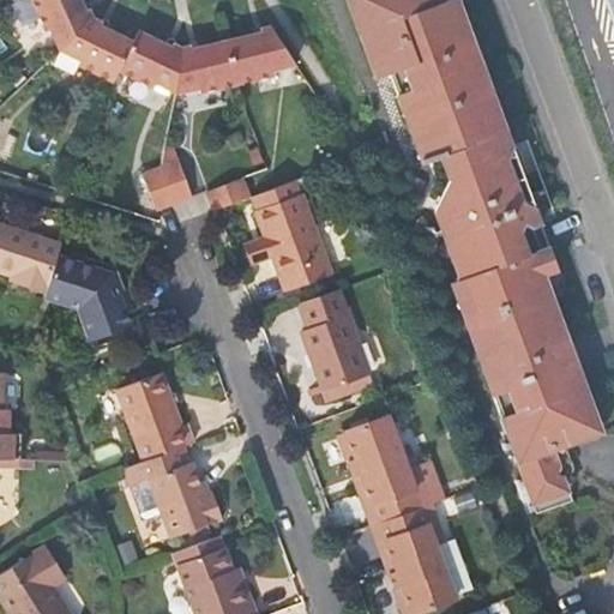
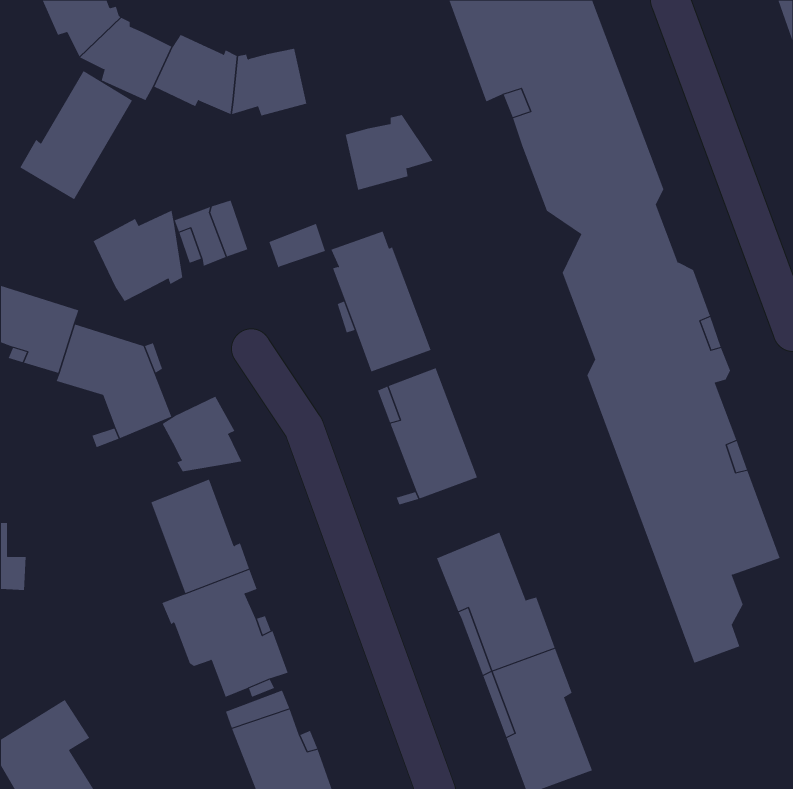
building: [228,24,296,83] -> [345,114,433,190]
building: none -> [20,70,133,200]
building: none -> [93,210,183,302]
building: none -> [162,396,242,472]

